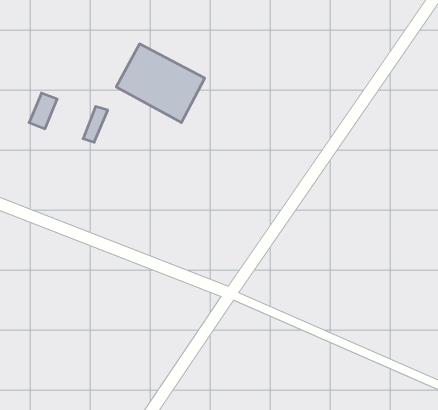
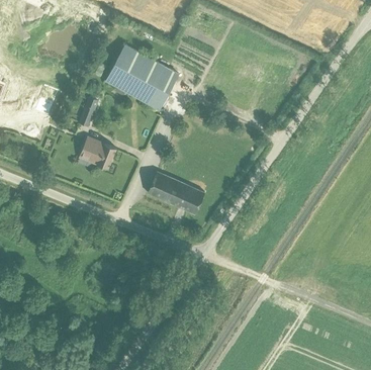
building: none -> [80,138,115,168]
building: none -> [147,171,204,213]

